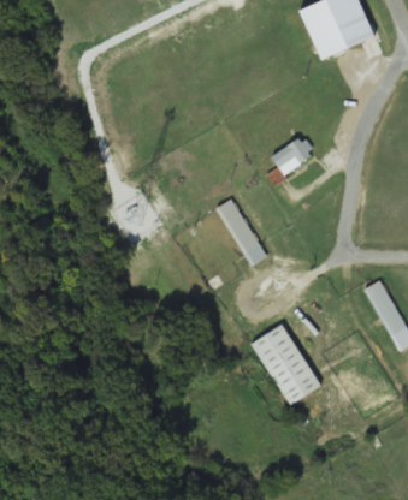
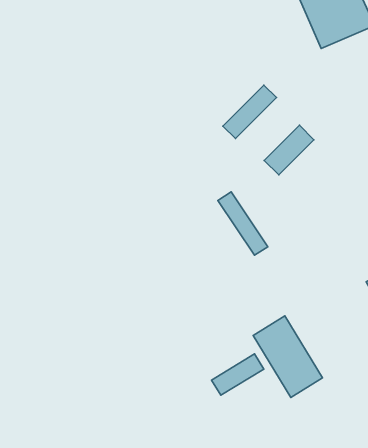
building: none -> [223,85,276,139]
building: none -> [212,354,264,395]

